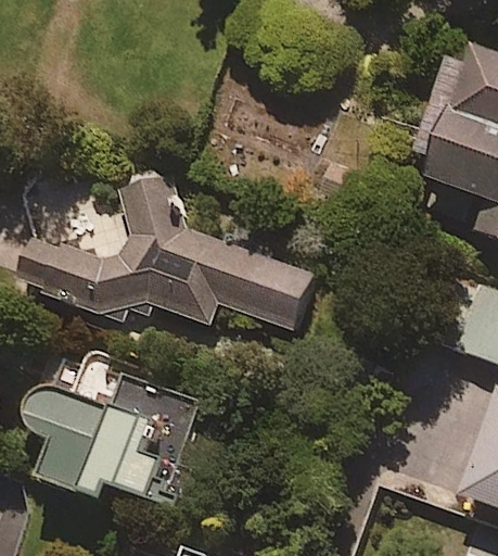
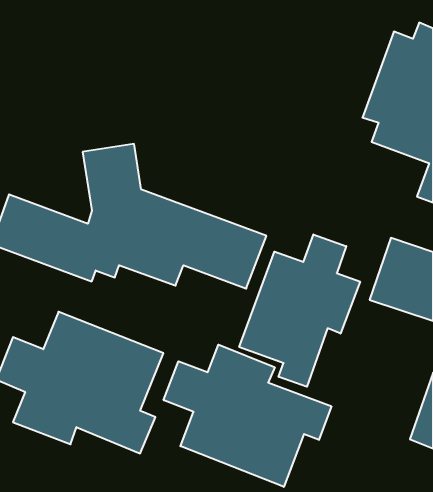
building: none -> [239,234,360,387]
building: none -> [164,345,331,487]

